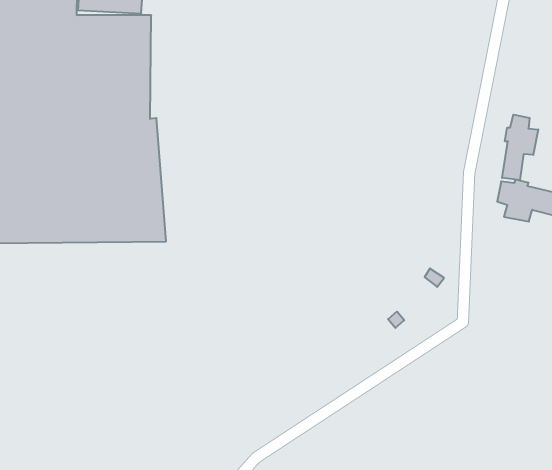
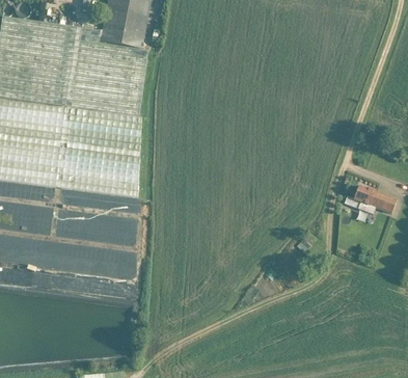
building: [502,115,538,180] -> none

